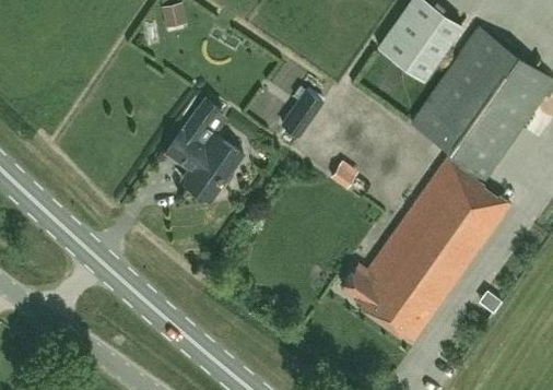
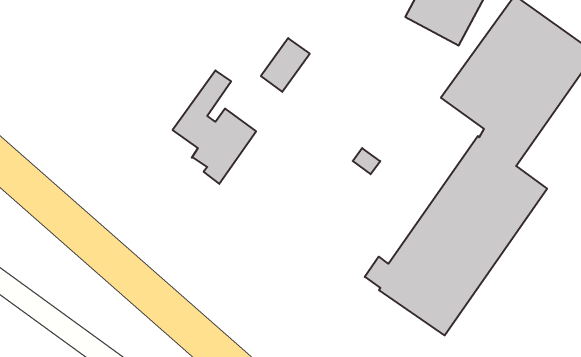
building: [280,95,325,144] -> [261,38,310,92]

